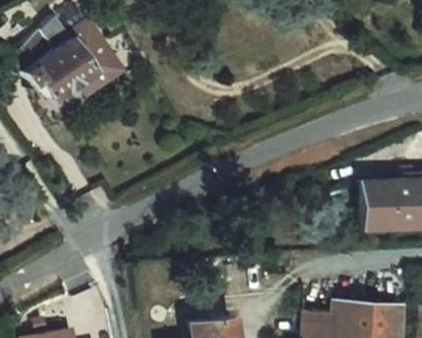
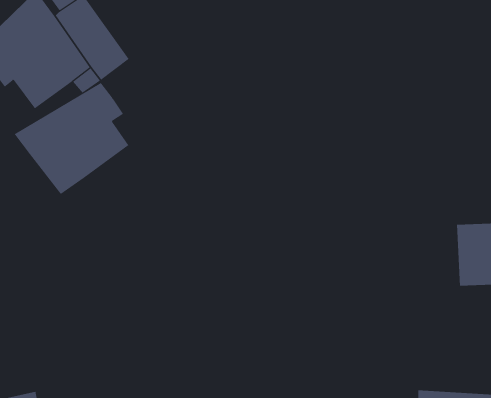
building: none -> [14,82,129,195]

